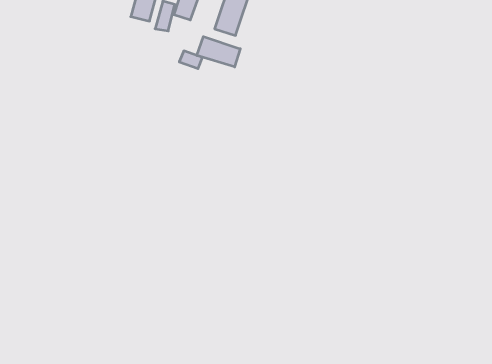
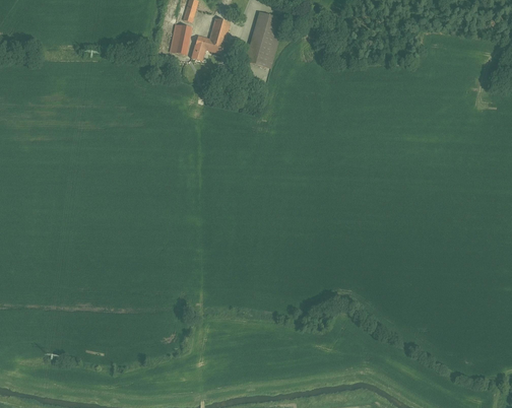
building: [197,37,240,67] -> none

